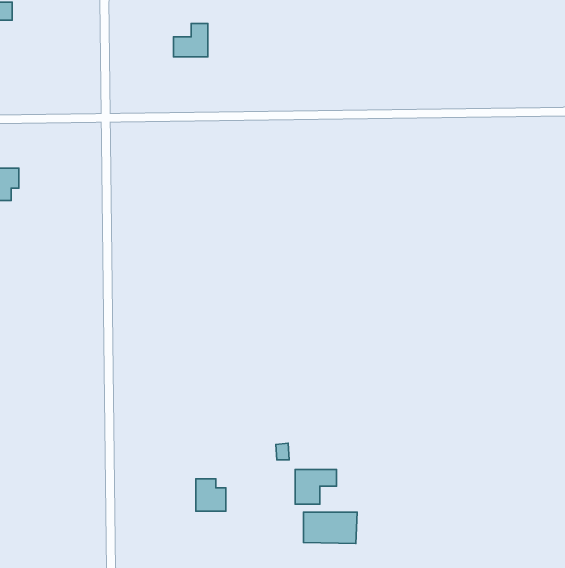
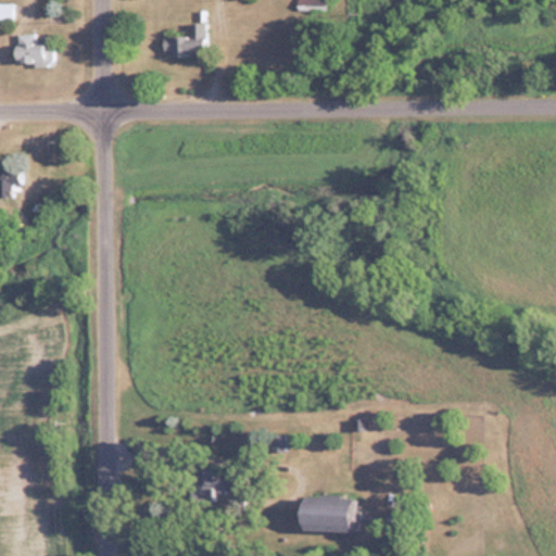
building: none -> [13,36,51,66]
building: [295,469,336,504] -> none

